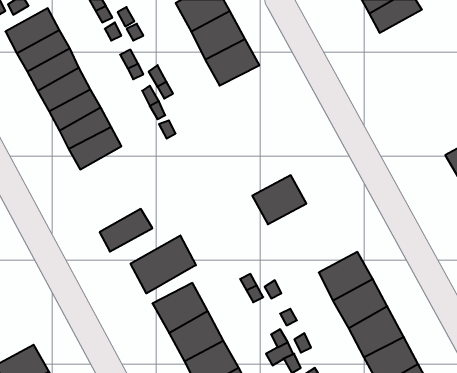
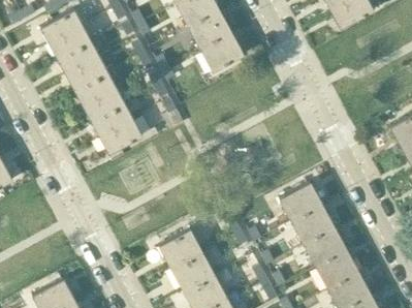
building: [252,175,306,224] -> [280,183,323,222]
building: [100,209,152,252] -> [101,121,144,155]
building: [131,235,196,293] -> none

